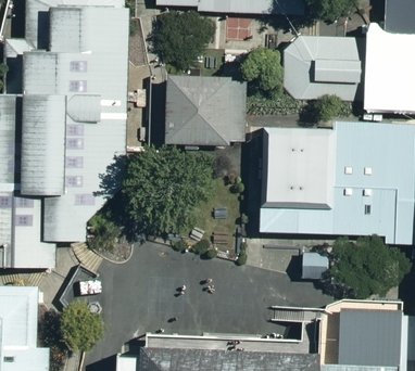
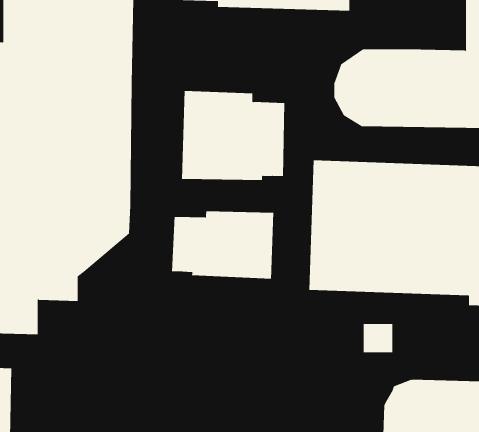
building: none -> [172,211,274,279]

